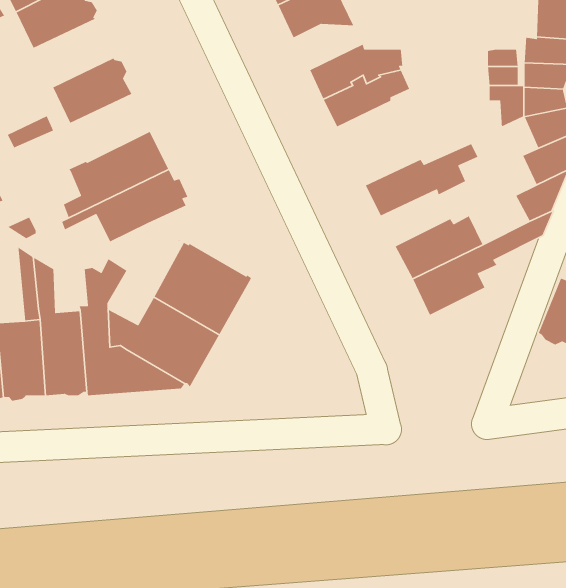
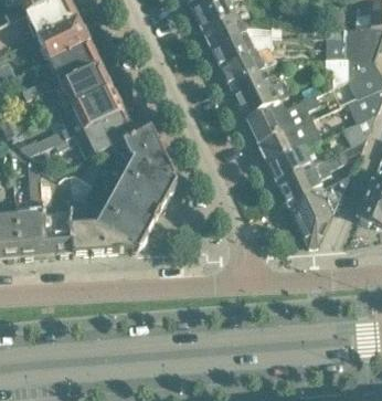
building: none -> [36,13,87,56]
building: none -> [201,17,269,45]
building: none -> [60,61,112,104]
building: none -> [229,65,286,113]
building: none -> [256,116,319,157]
building: none -> [109,124,173,176]
building: none -> [287,171,349,243]

